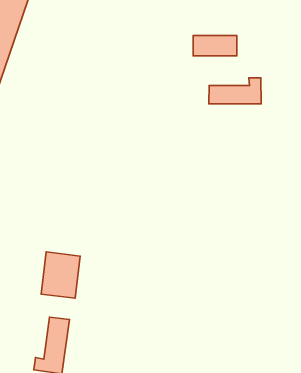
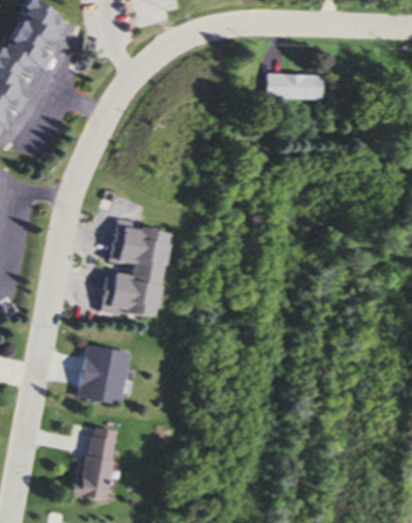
building: [209,78,261,104] -> none
building: none -> [102,222,166,319]

